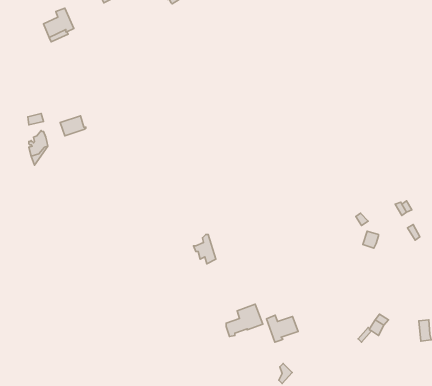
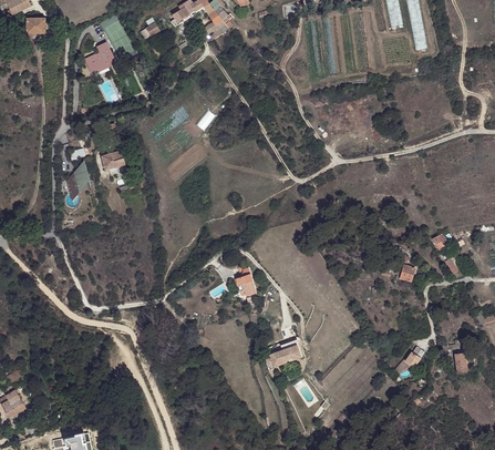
building: [266,315,298,342] -> none

